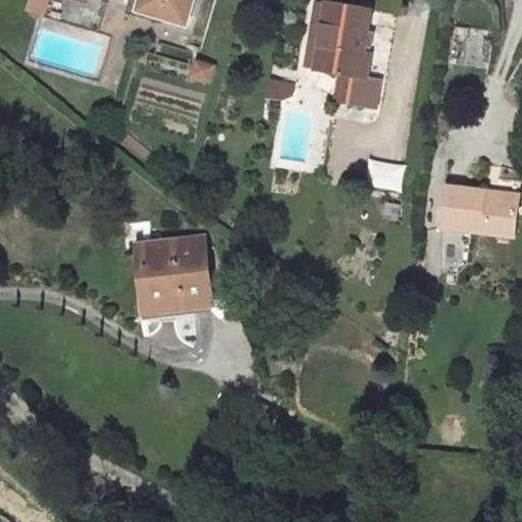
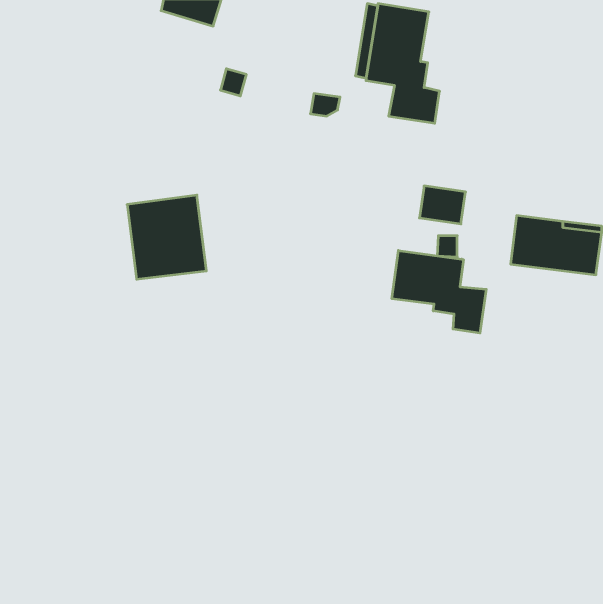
building: none -> [392,250,486,333]
building: [141,239,209,311] -> [127,195,206,279]

